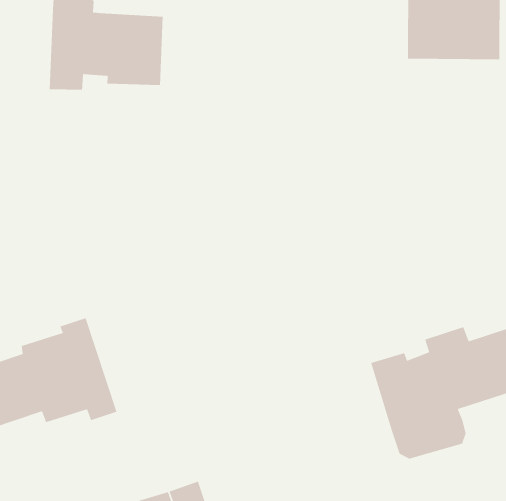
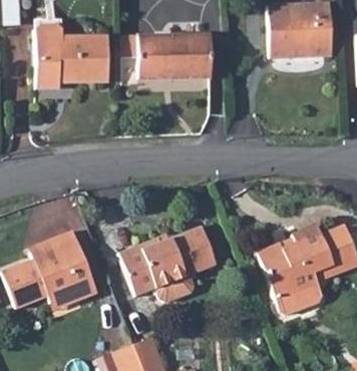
building: none -> [137,34,210,78]
building: none -> [118,229,216,303]

